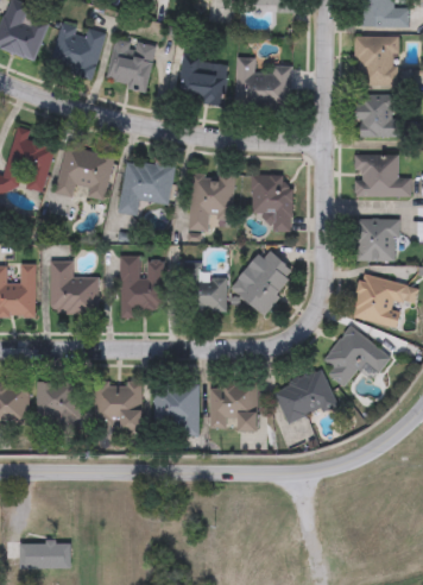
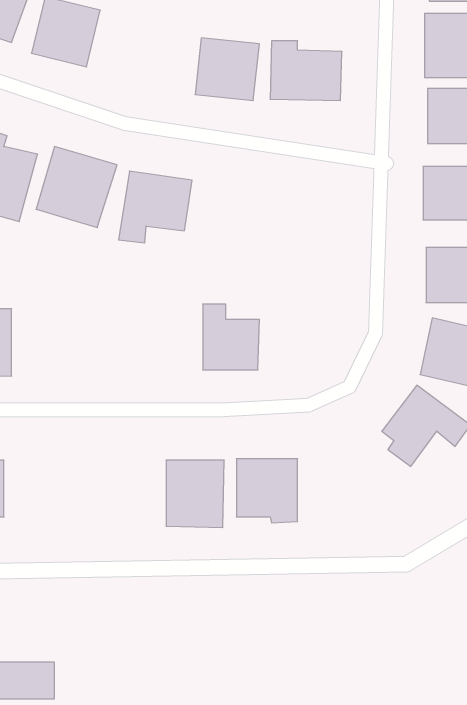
building: [105,37,156,92] -> none
building: [189,171,234,231] -> none
building: [251,177,292,232] -> none
building: [232,247,298,314] -> none
building: [120,256,164,312] -> none
building: [50,262,97,314] -> none
building: [272,367,336,424] -> none
building: [37,380,80,430] -> none
building: [94,382,144,430] -> none

